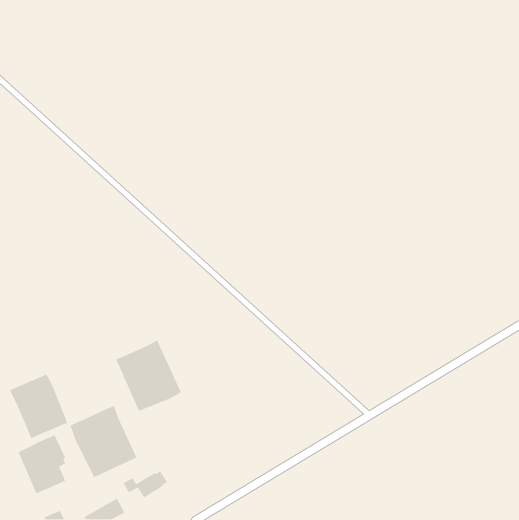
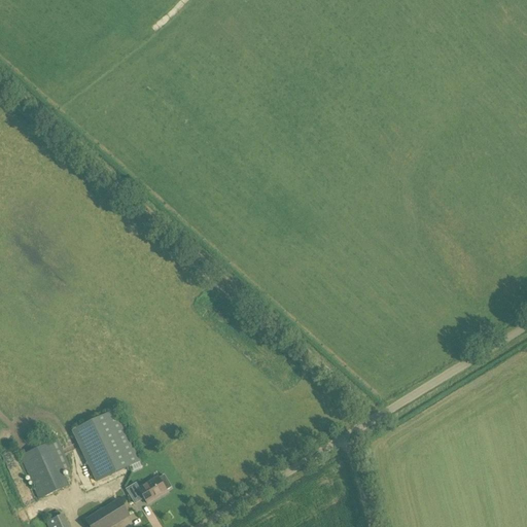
building: [115,339,182,412] -> none
building: [9,373,68,439] -> none

